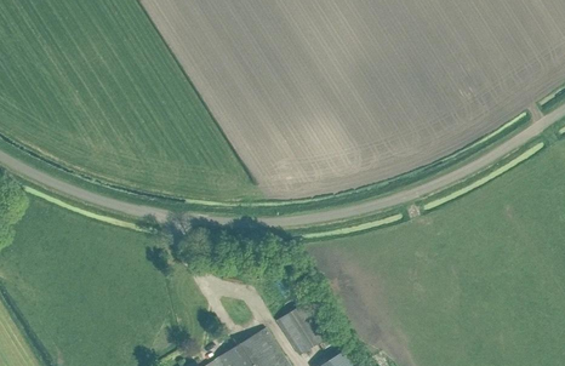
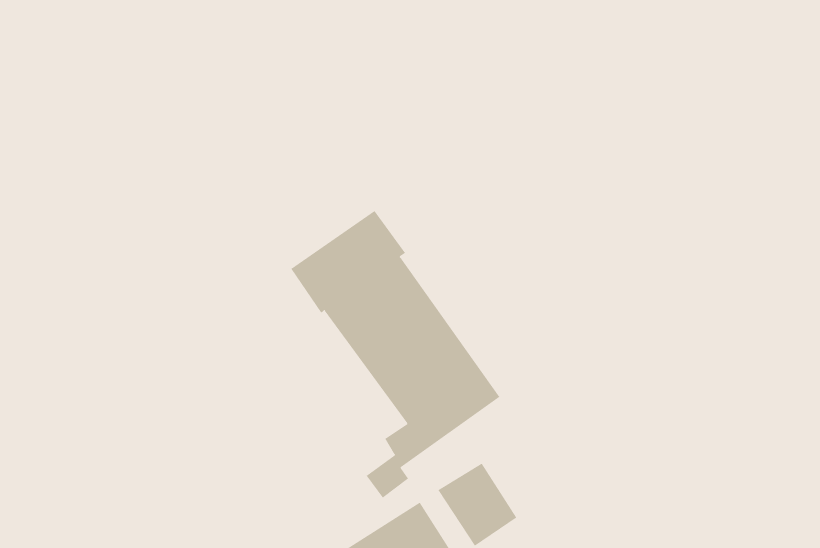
building: none -> [291,210,500,499]

